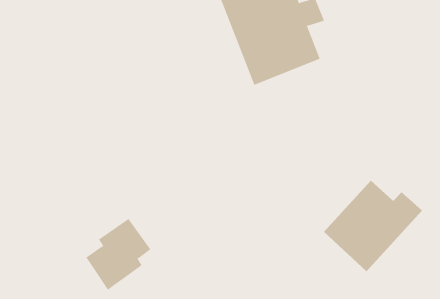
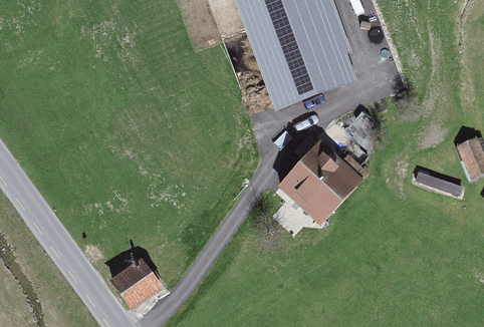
building: [323,180,423,272] -> [279,136,374,224]

